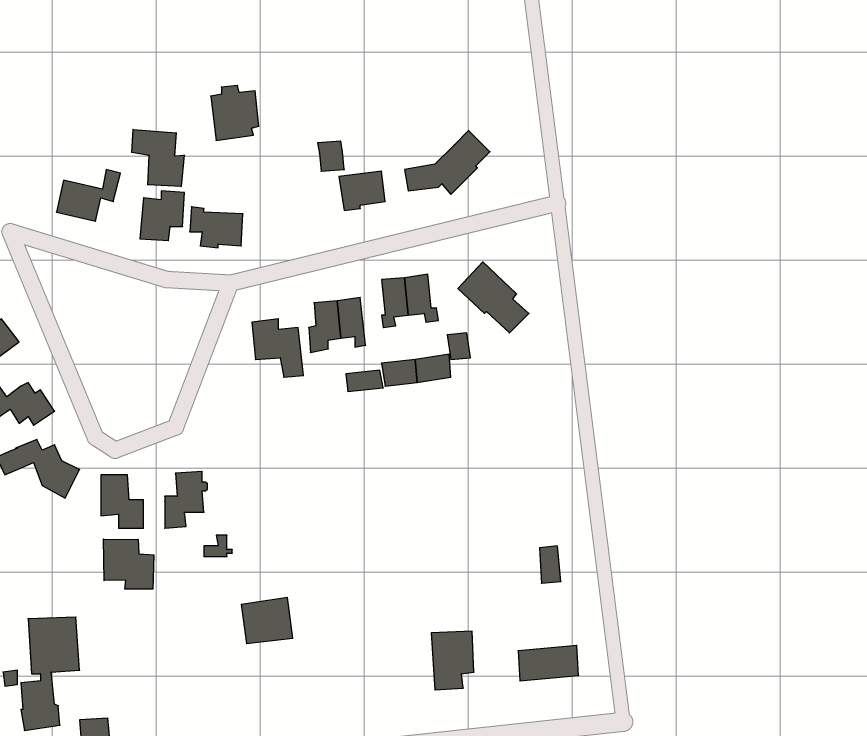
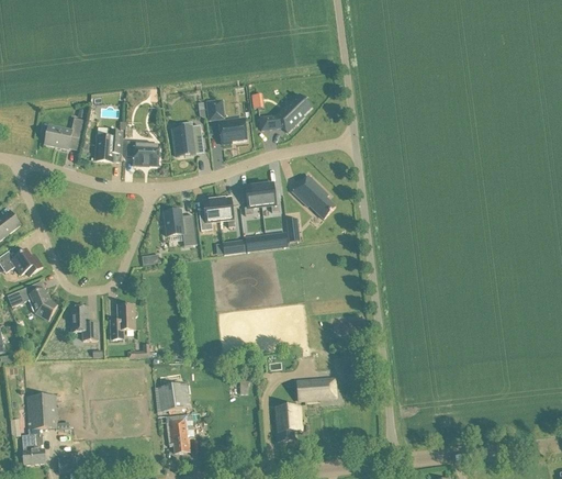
building: [211,85,259,140] -> [172,121,202,155]
building: [132,129,184,187] -> none
building: [104,539,154,589] -> none
building: [518,645,579,681] -> [296,376,334,398]
building: none -> [167,419,189,453]

